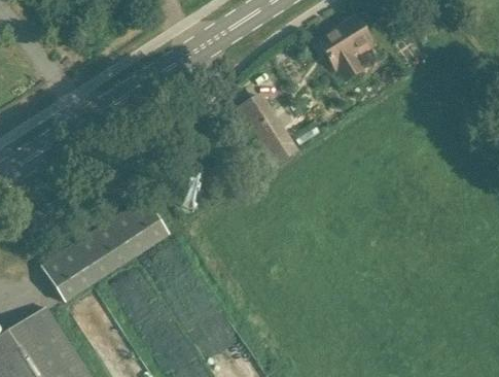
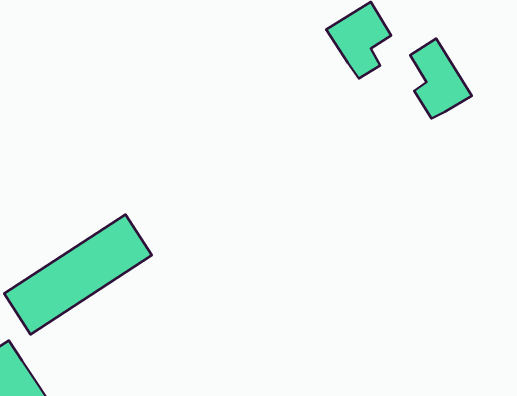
building: none -> [410,39,472,118]
building: [238,96,296,166] -> none

